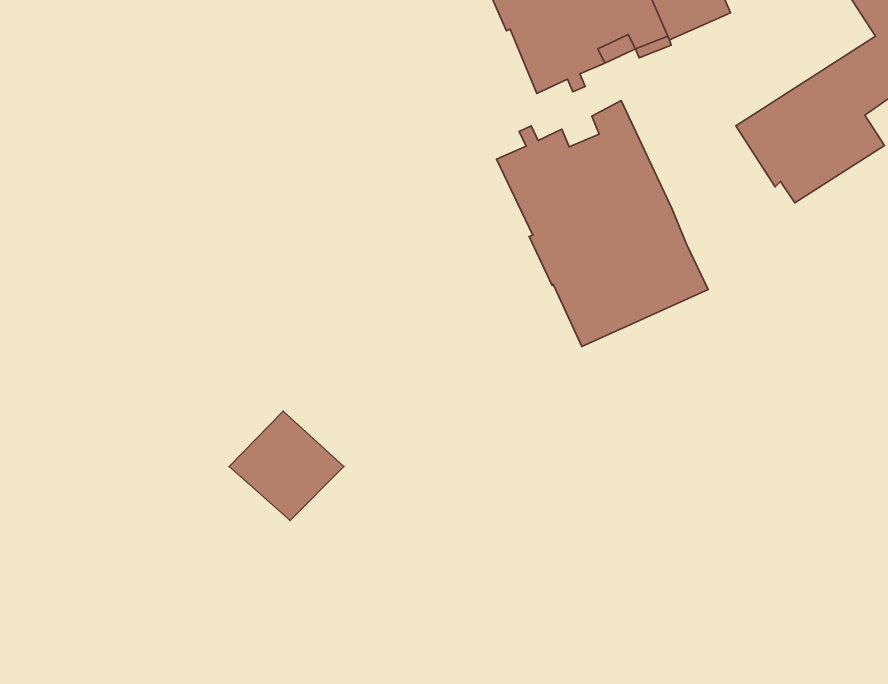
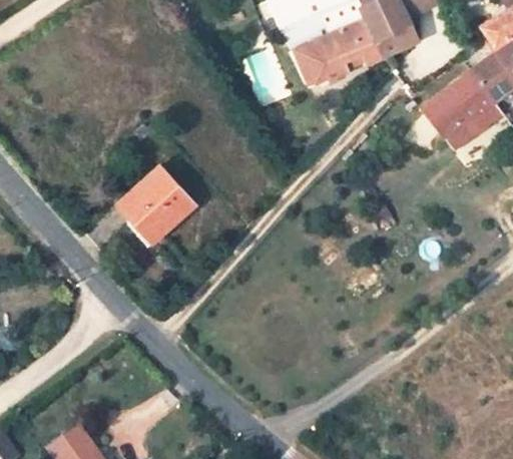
building: [496,101,708,347] -> none
building: [229,411,344,520] -> [126,171,190,233]

